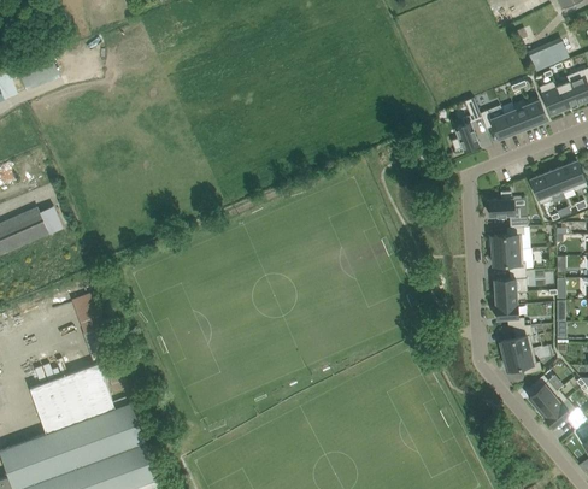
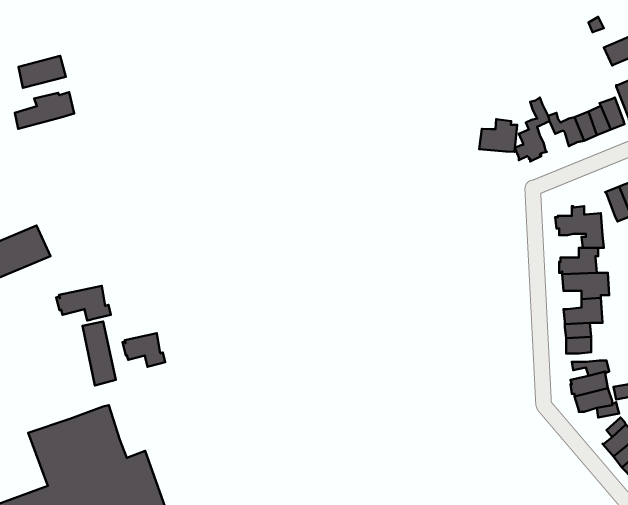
building: none -> [15,92,74,129]
building: none -> [479,119,517,152]
building: none -> [56,286,111,321]
building: none -> [123,333,165,367]

